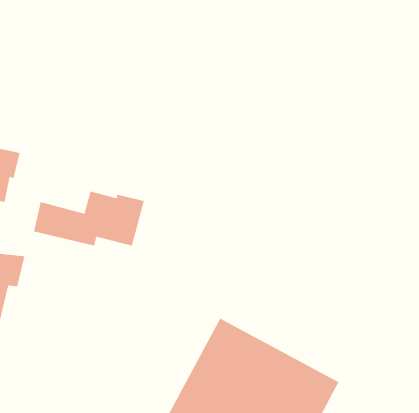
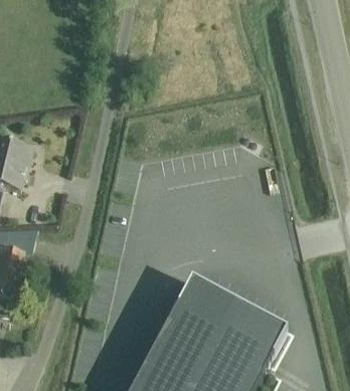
building: [33,190,145,247] -> none

